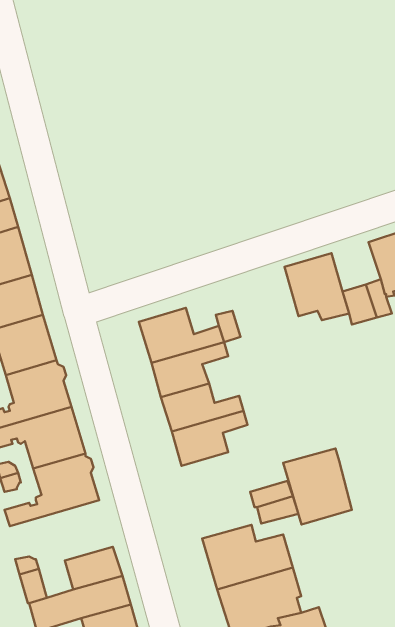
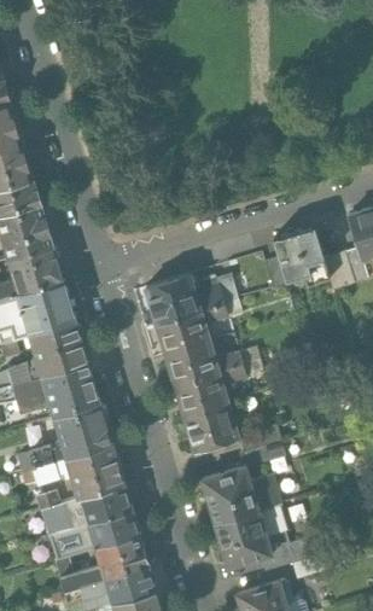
building: [283,449,352,525] -> none
building: none -> [182,402,235,454]
building: none -> [31,444,122,499]

